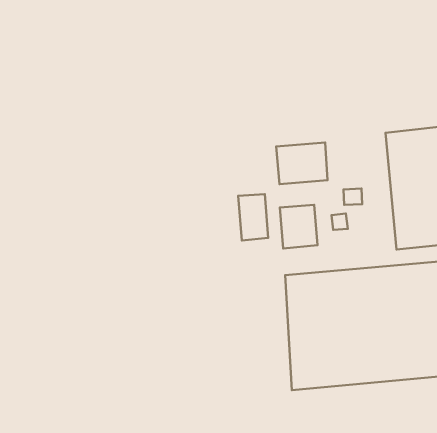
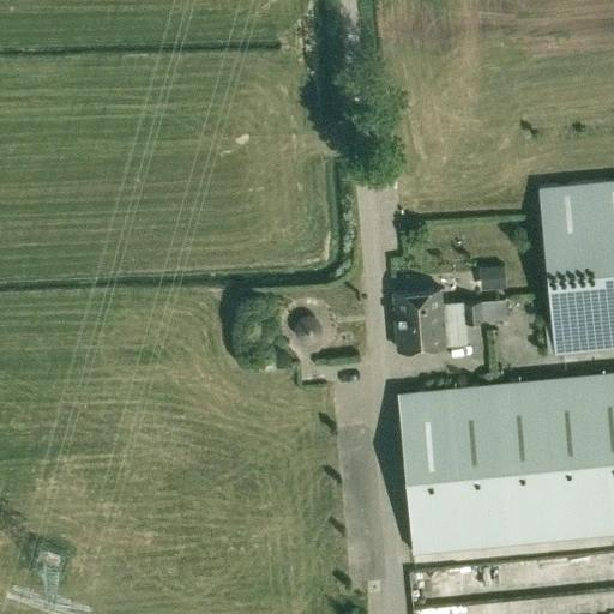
building: [276,142,328,184] -> none
building: [238,194,268,240] -> none

